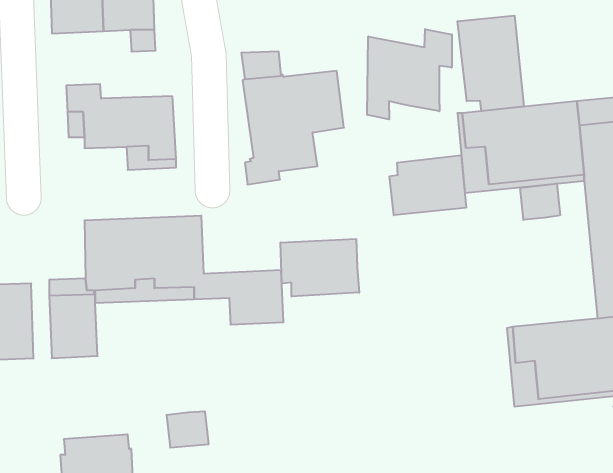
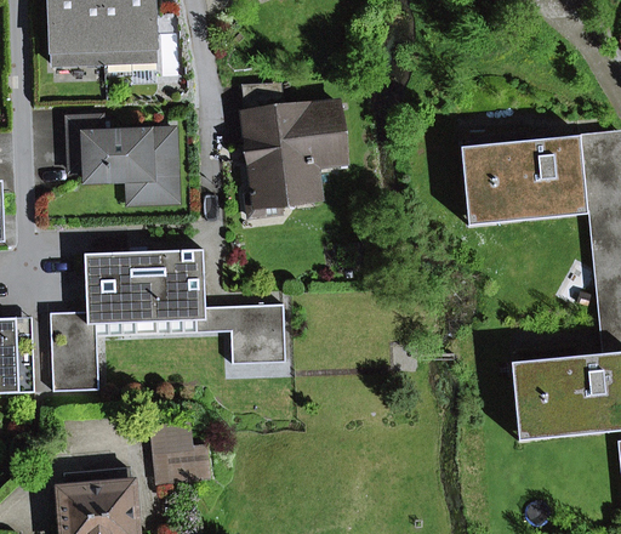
building: [458,16,524,111] -> none
building: [367,29,452,119] -> none
building: [390,155,466,215] -> none
building: [520,184,560,220] -> none
building: [281,239,359,297] -> none
building: none -> [153,426,190,483]

